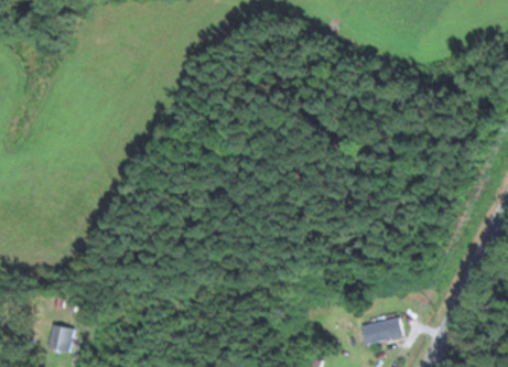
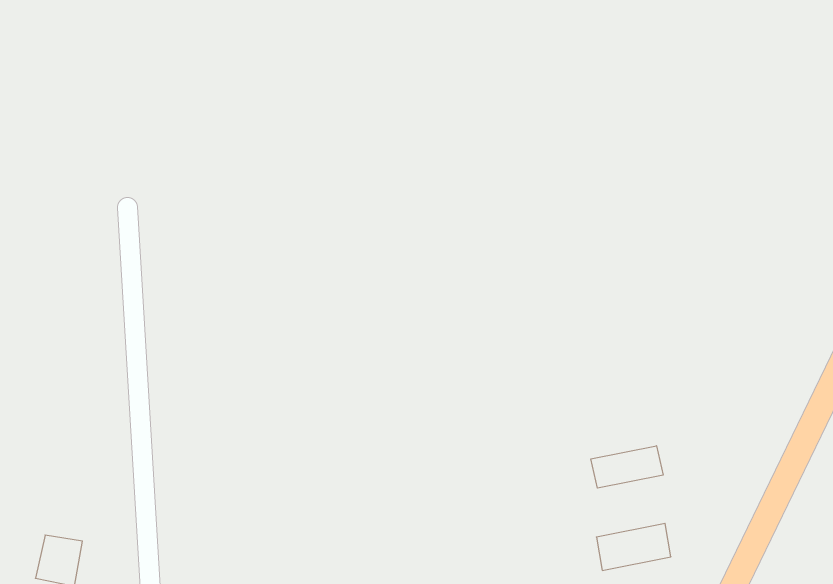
building: none -> [591,446,663,488]

